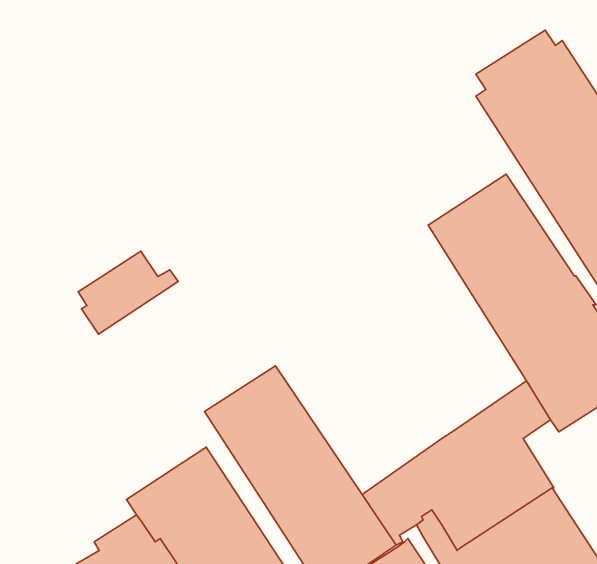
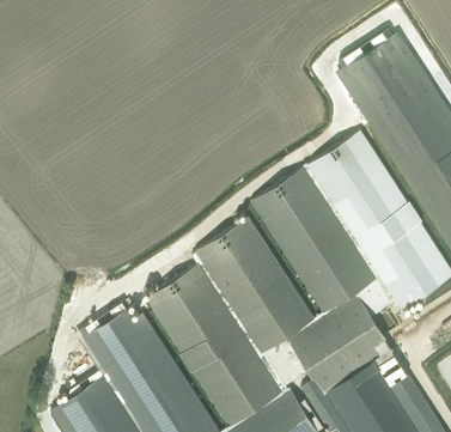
building: none -> [251,166,376,312]
building: [78,251,178,334] -> [79,302,150,360]
building: none -> [191,217,316,357]

